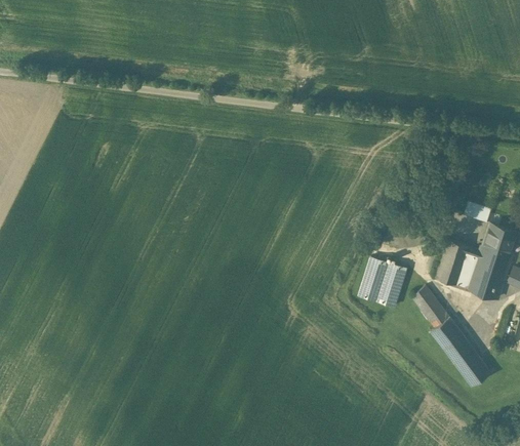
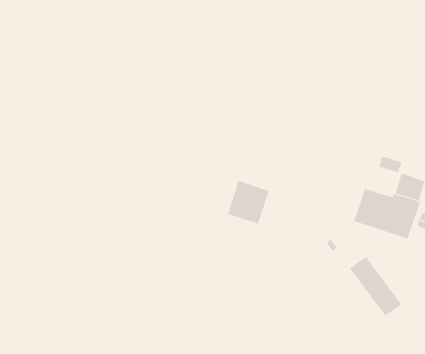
building: [358,256,406,307] -> [227,180,269,224]
building: [411,286,449,328] -> none

